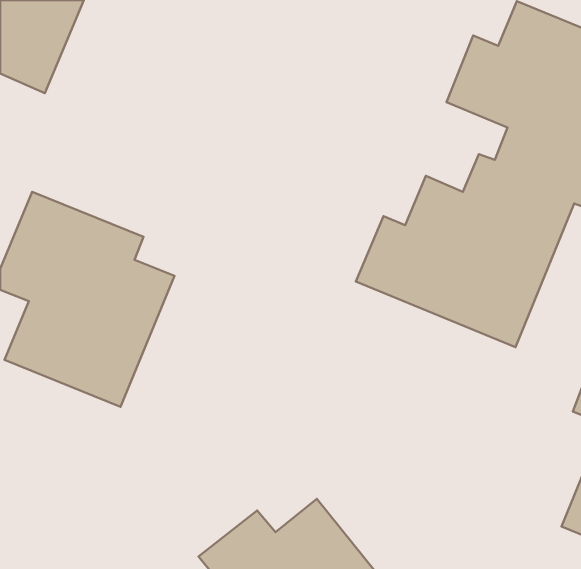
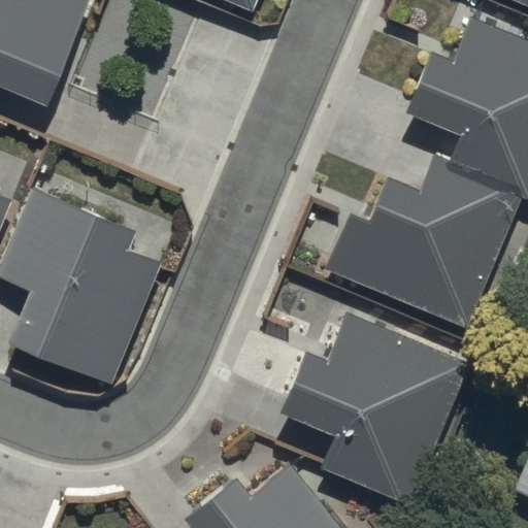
building: none -> [280,315,470,505]

